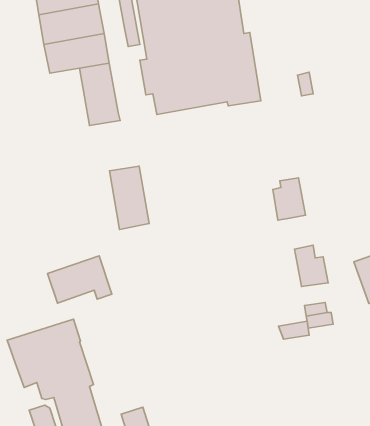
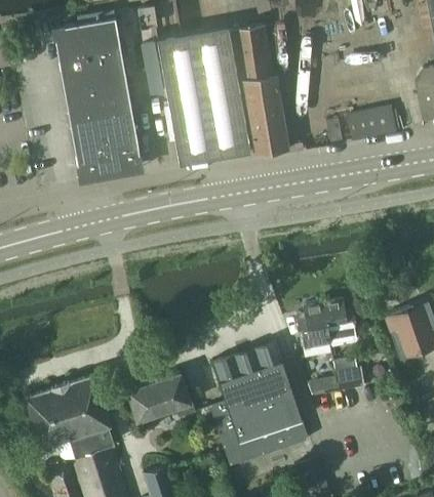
building: none -> [347,108,396,142]
building: [109,166,149,229] -> [70,116,111,181]
building: [273,178,306,220] -> [297,303,330,347]
building: [48,256,112,303] -> [127,373,194,422]
building: none -> [209,341,309,467]

